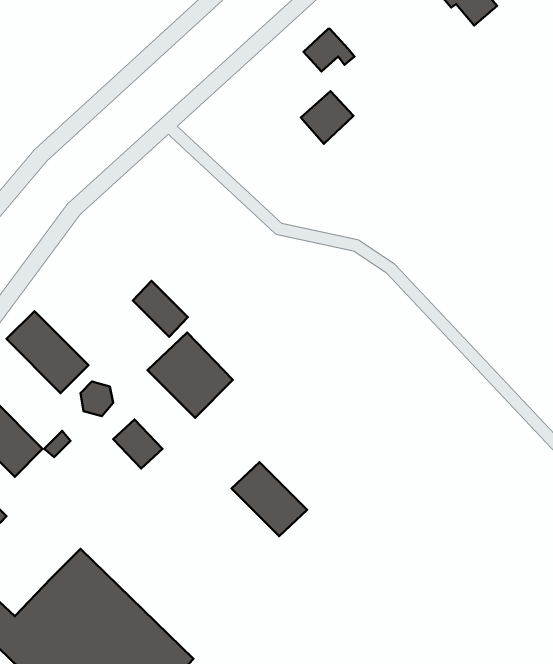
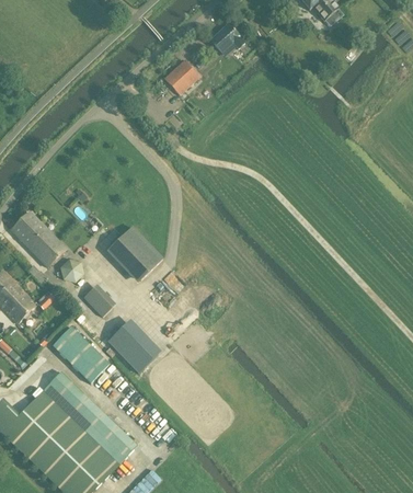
building: [301,91,353,144] -> [163,59,198,94]
building: [133,281,188,337] -> none
building: [232,462,307,536] -> [110,323,160,372]
building: none -> [51,326,108,382]

